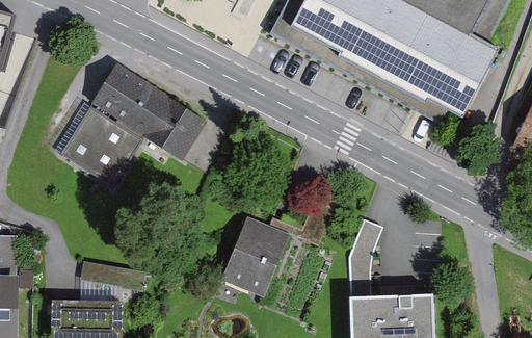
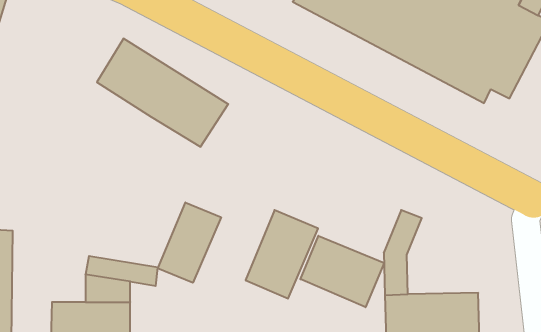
building: [47,107,138,193] -> none
building: none -> [158,202,221,283]
building: none -> [300,236,384,307]

